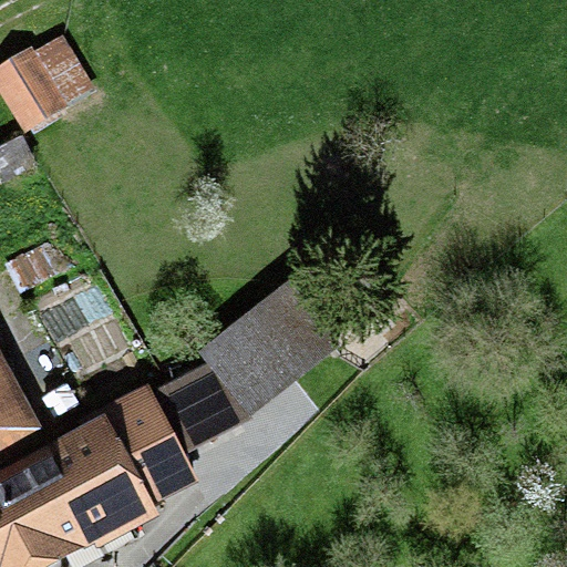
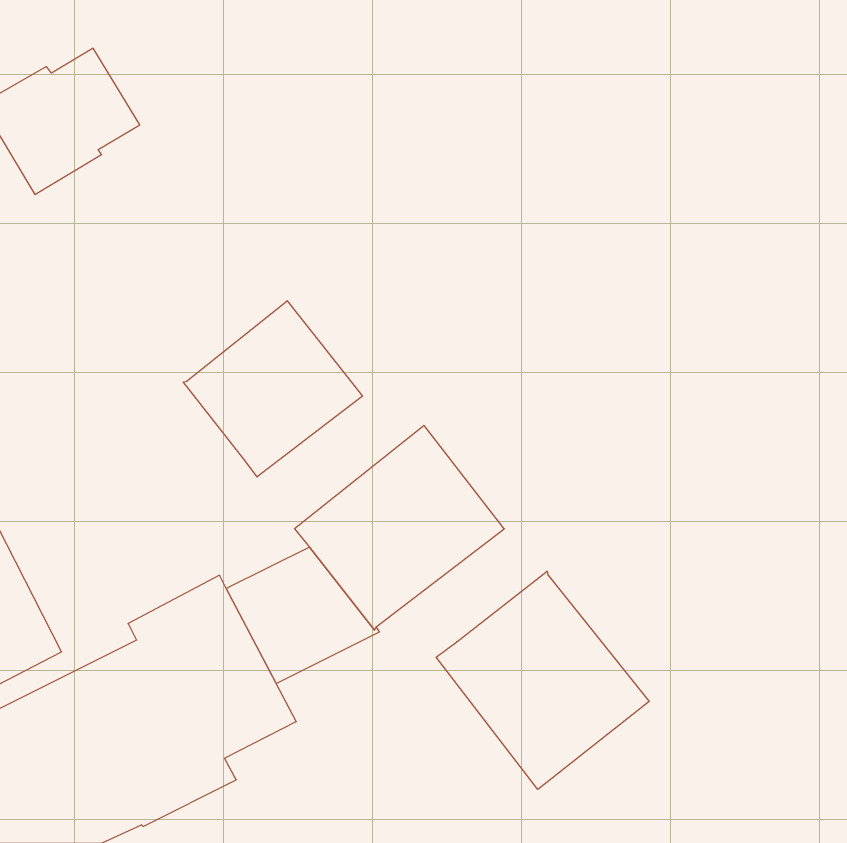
building: none -> [183,301,362,477]
building: none -> [436,571,649,789]

